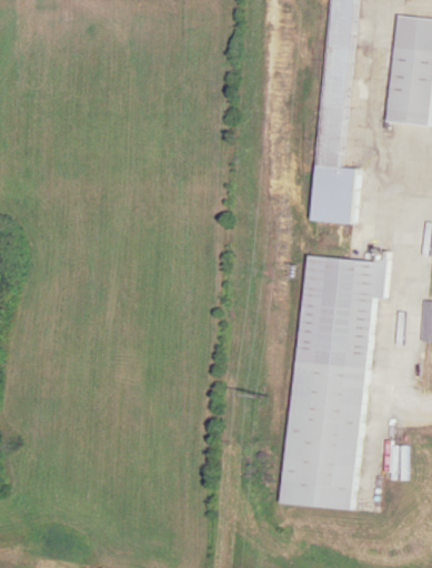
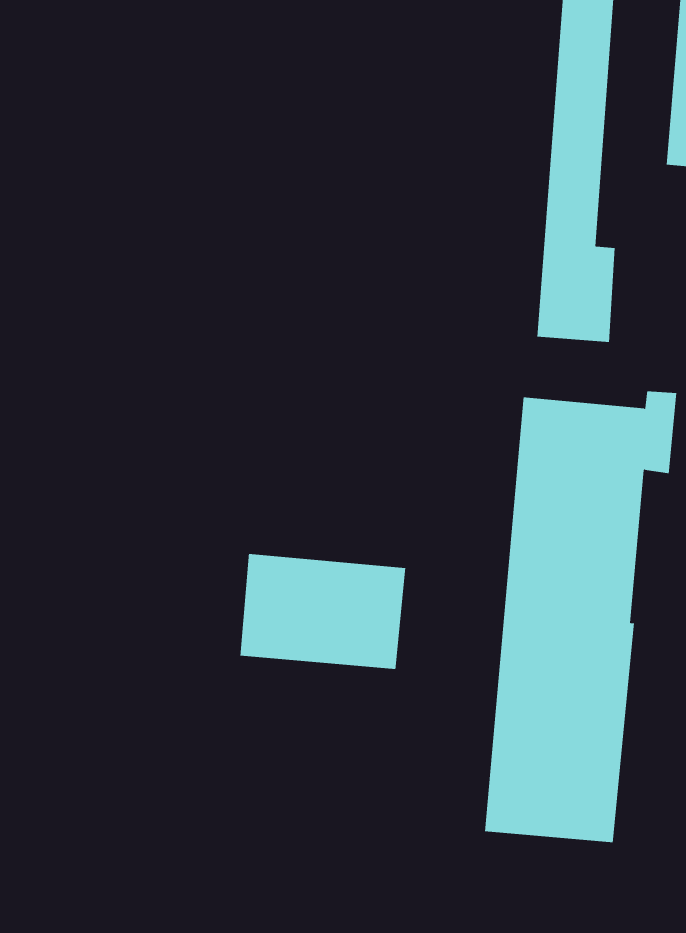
building: none -> [240,553,406,670]

